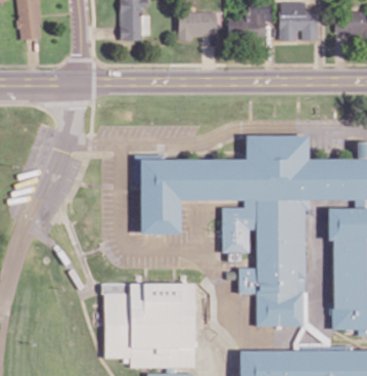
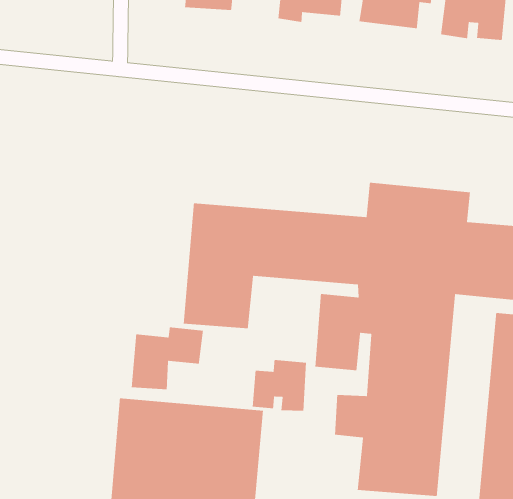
building: none -> [131,326,204,390]
building: none -> [252,359,307,412]

